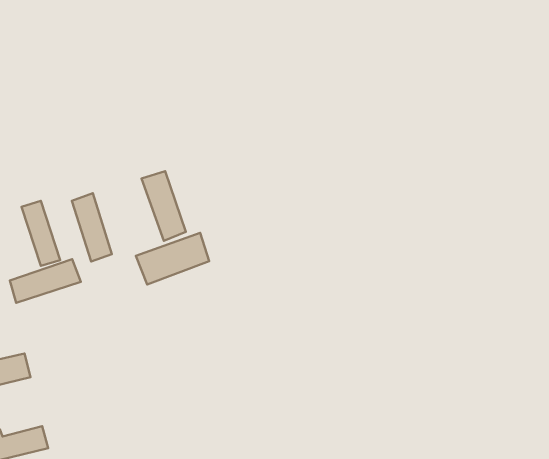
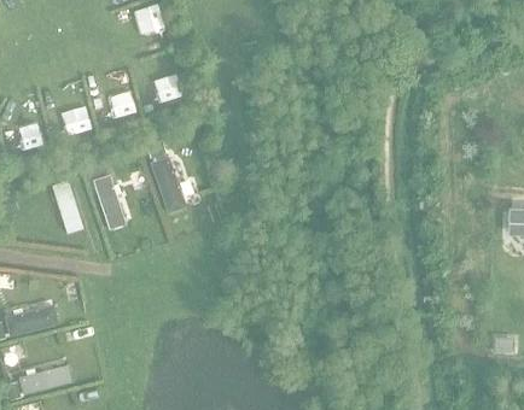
building: [136,233,209,284] -> none
building: [10,259,81,303] -> none

